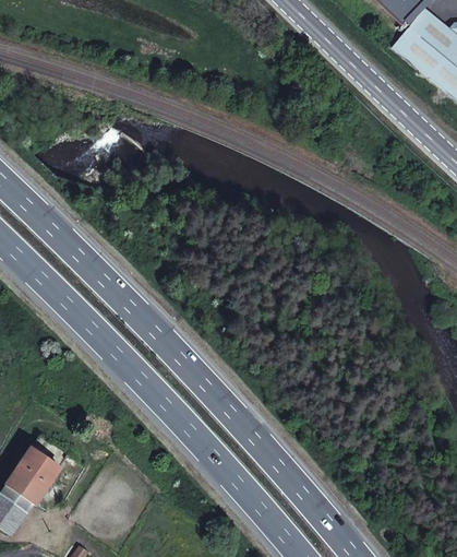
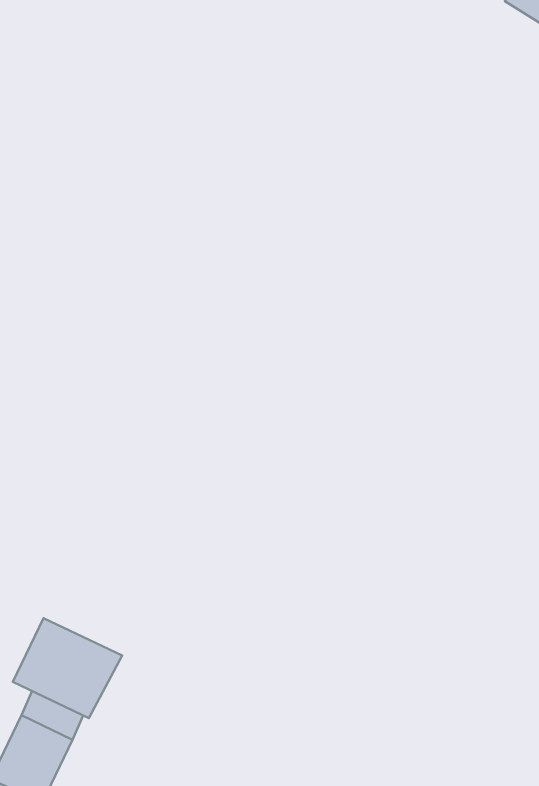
building: none -> [13,618,122,718]

